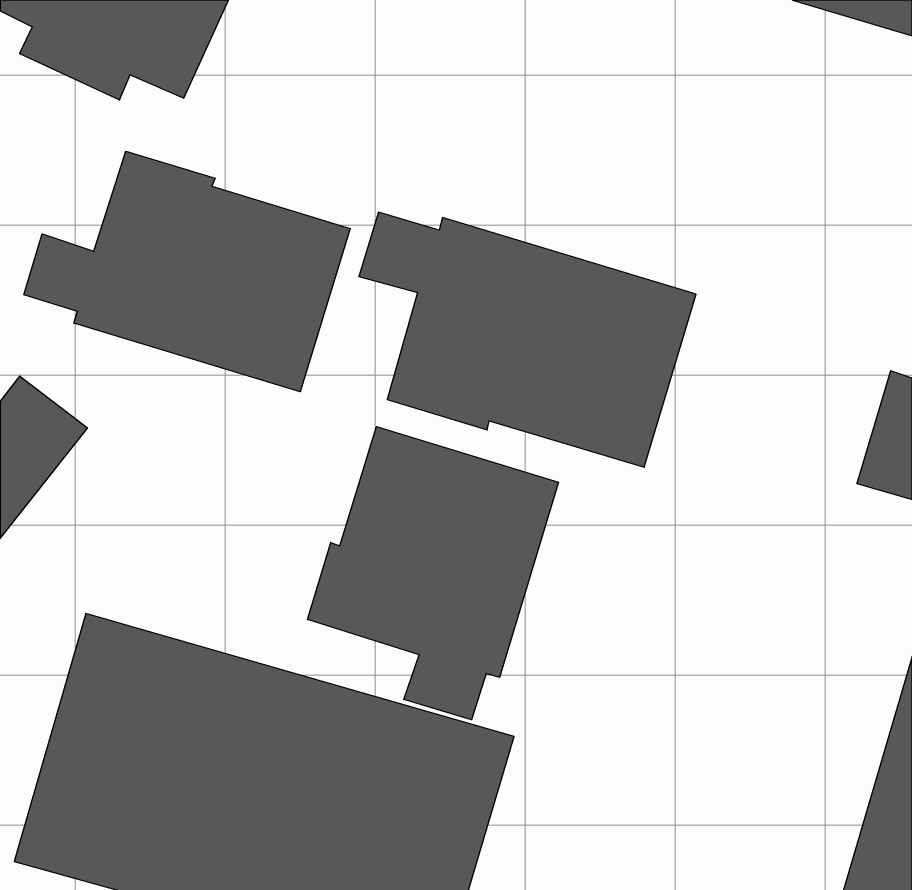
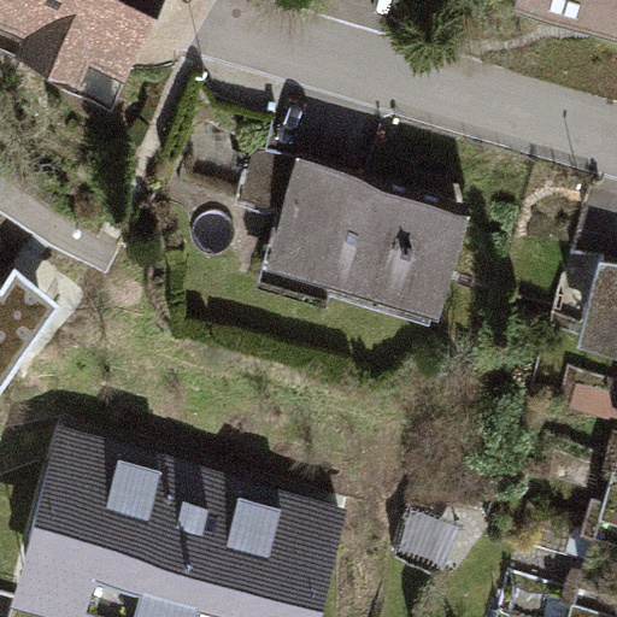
building: [24,151,350,392] -> none
building: [307,427,559,720] -> none

